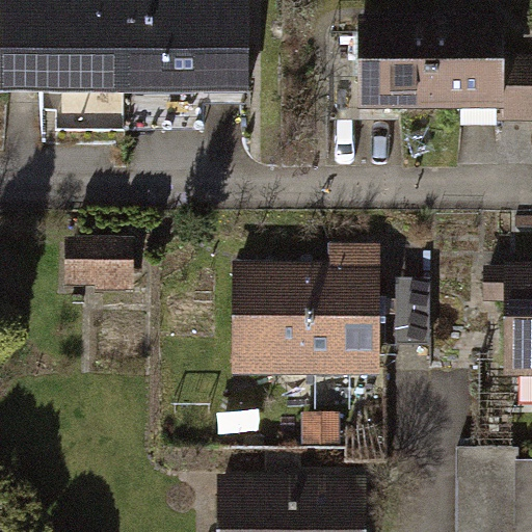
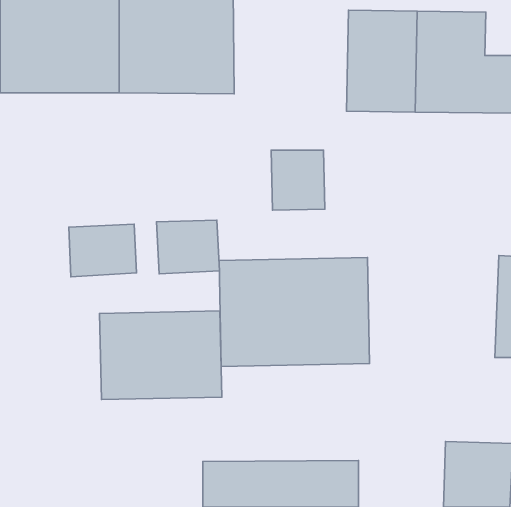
building: none -> [271,150,325,210]
building: none -> [157,220,219,274]
building: none -> [100,311,222,400]

